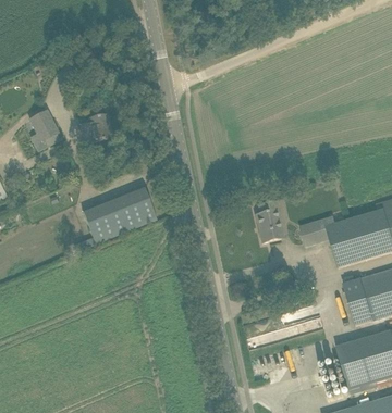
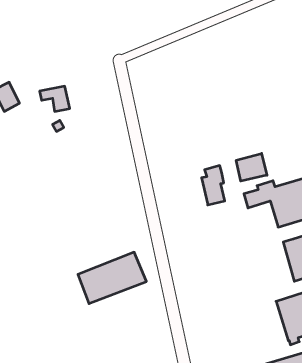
building: none -> [236,153,267,181]
building: [83,186,157,241] -> [78,252,146,304]

